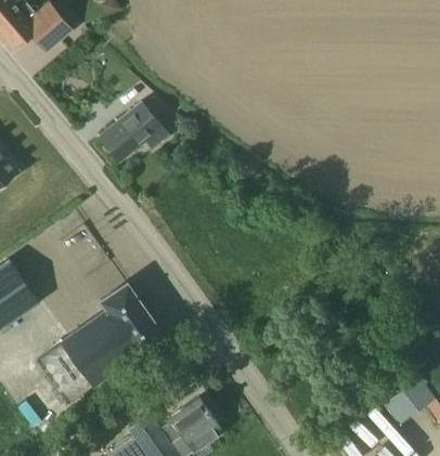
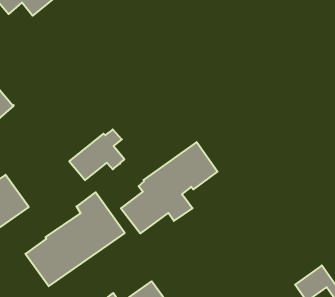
building: [96,96,168,162] -> [69,129,124,180]
building: none -> [121,142,218,233]

